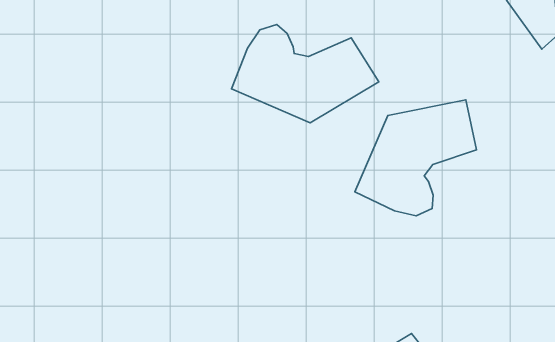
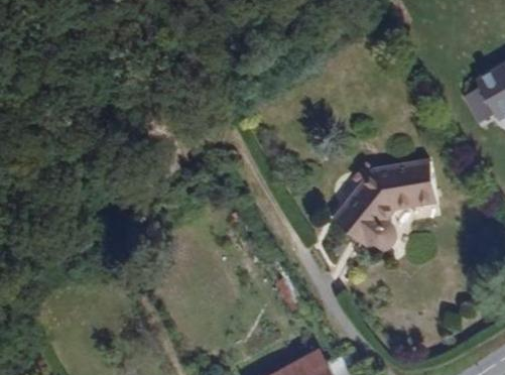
building: [231,24,379,123] -> none

